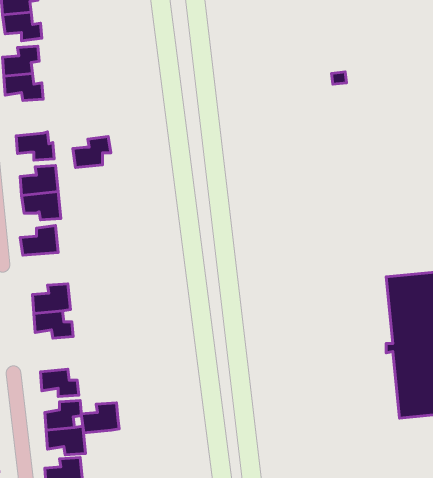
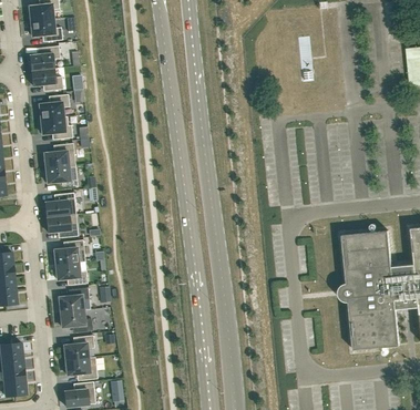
building: [73,136,111,168] -> [39,94,70,120]
building: none -> [47,215,78,238]
building: [81,403,119,433] -> [59,288,90,312]

